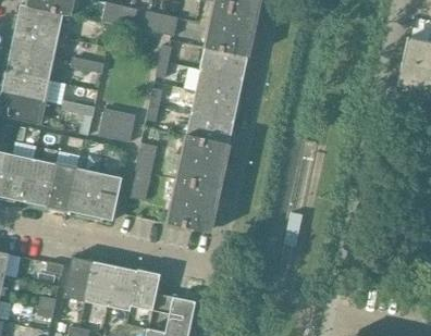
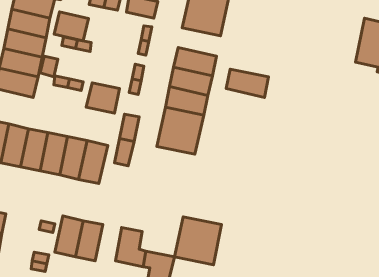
building: none -> [54,12,88,41]
building: [200,47,247,78] -> [226,69,268,97]
building: [167,178,219,232] -> [174,217,221,265]
building: [108,265,137,310] -> none

